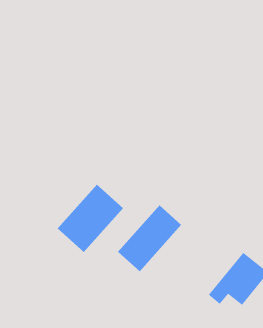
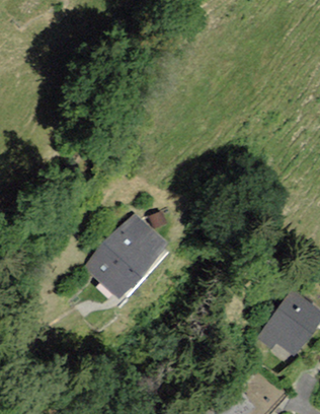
building: [117,205,182,272] -> none

